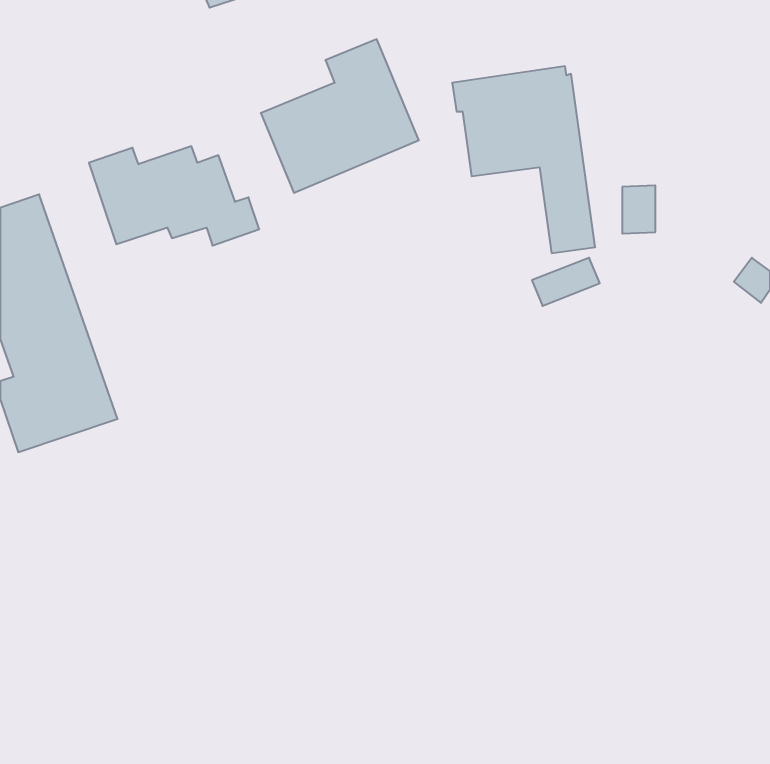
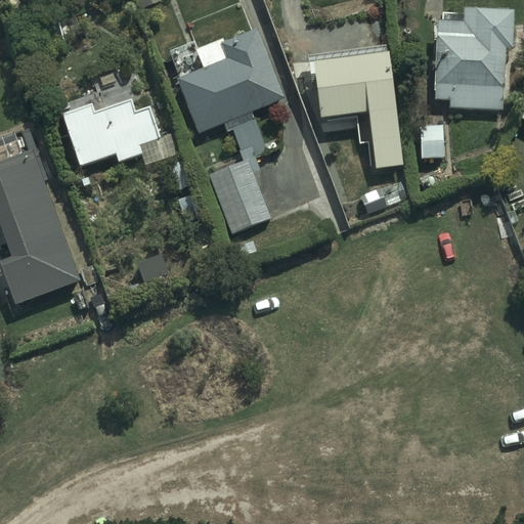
building: none -> [435,6,515,108]
building: none -> [209,159,271,232]

